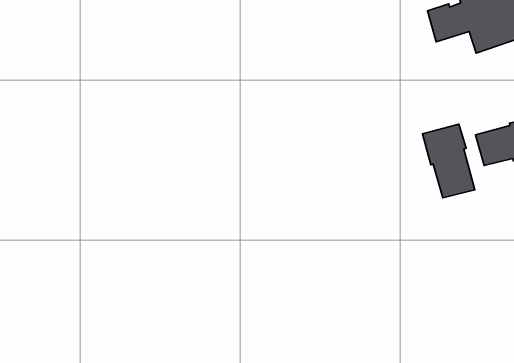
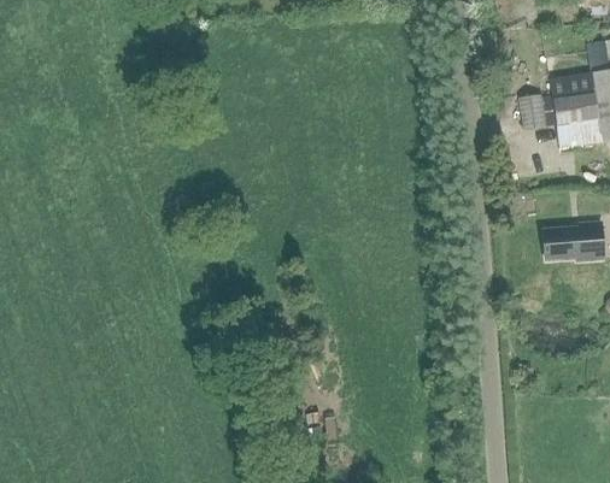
building: [422,124,475,198] -> none

